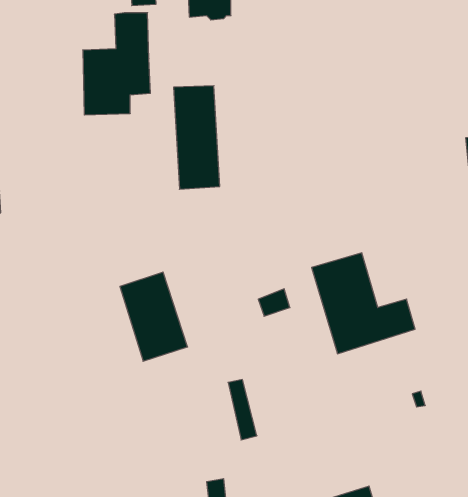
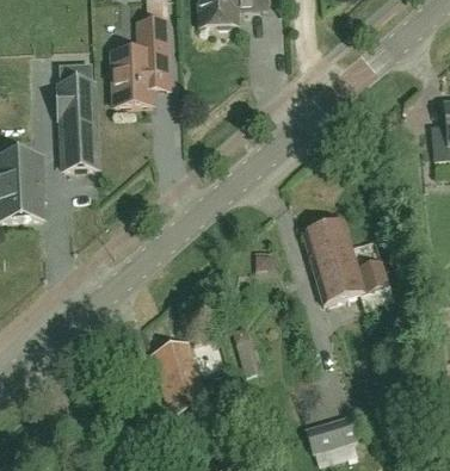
building: [174,86,220,189] -> [57,82,95,168]
building: [120,272,188,361] -> [150,339,206,413]

